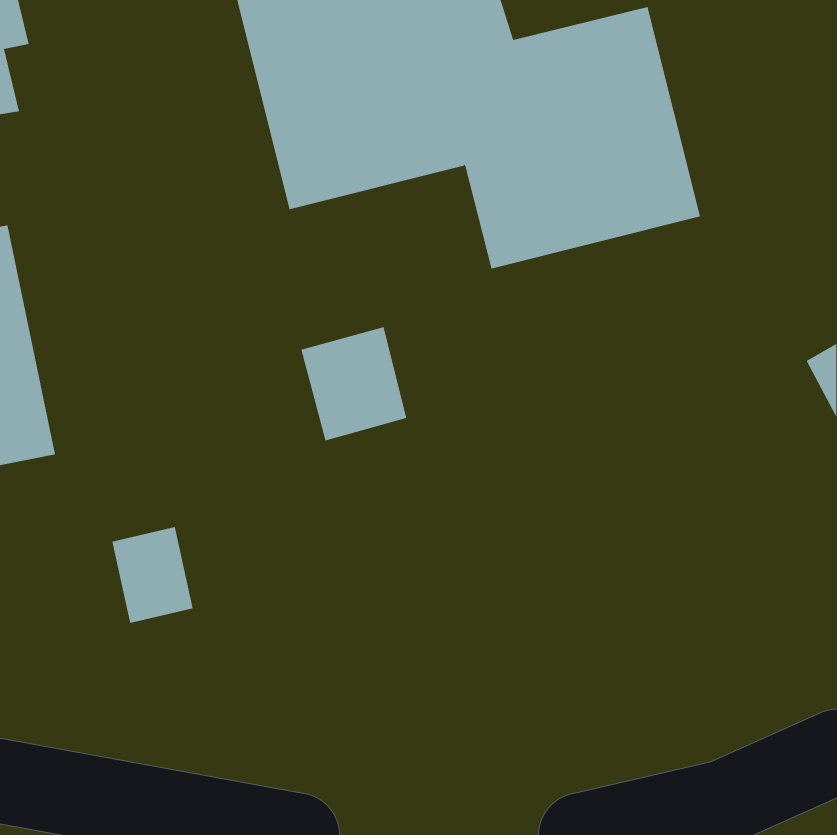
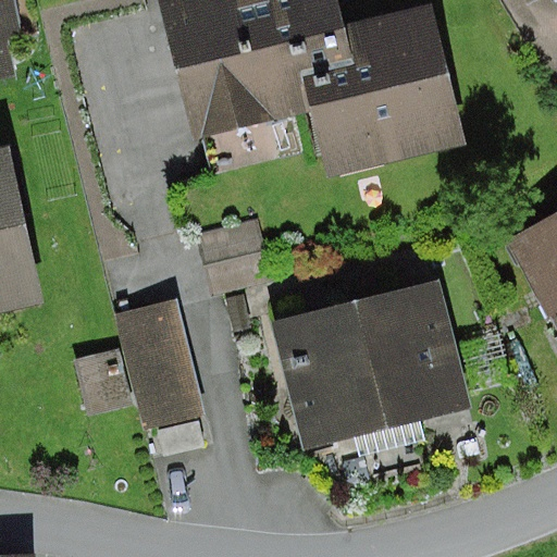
building: none -> [297,277,492,442]
building: none -> [116,299,202,428]

